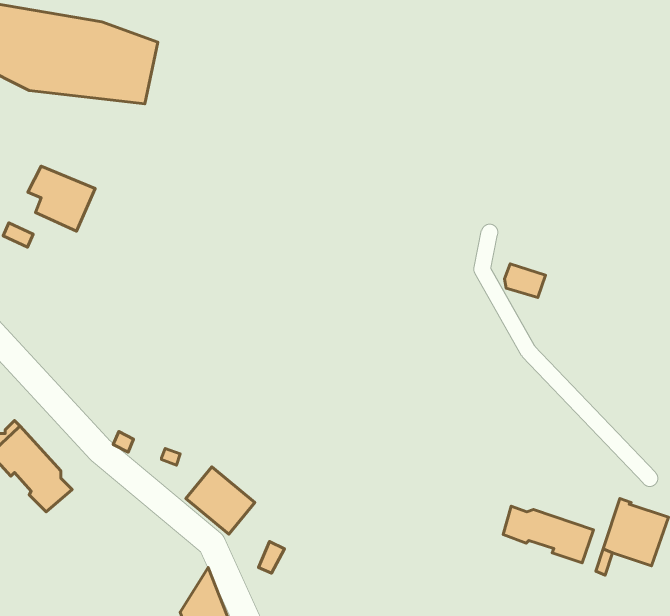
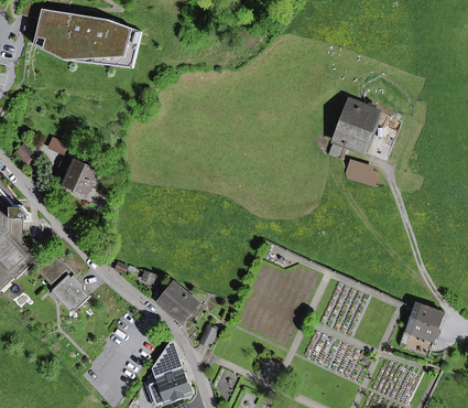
building: none -> [334,100,378,151]
building: [28,166,95,231] -> [58,157,98,195]
building: [503,506,594,563] -> none

